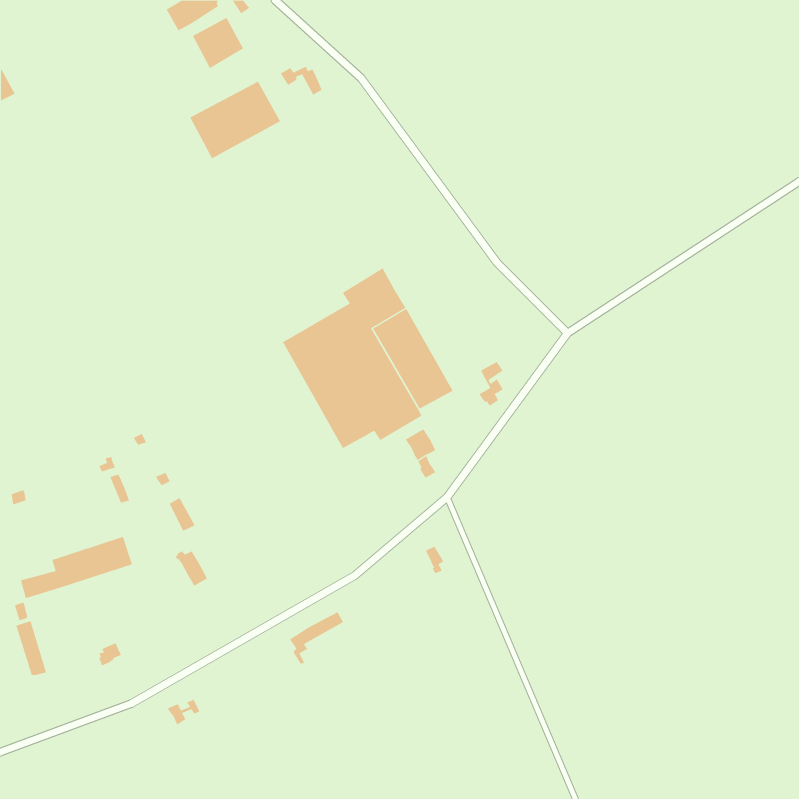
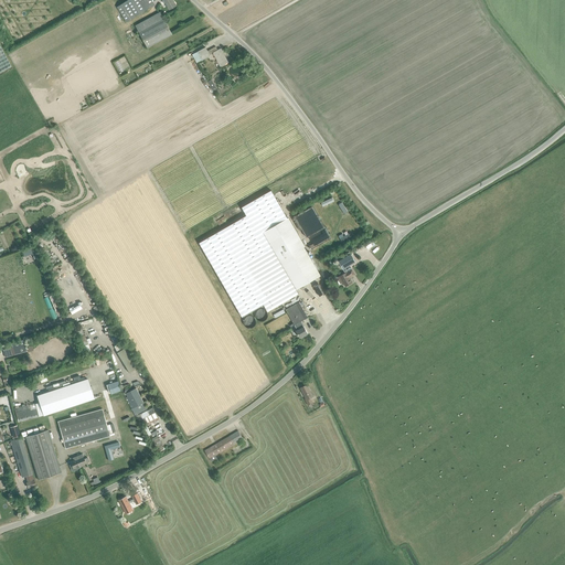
building: [190,81,281,159] -> none
building: none -> [57,408,109,449]
building: none -> [25,429,61,480]

